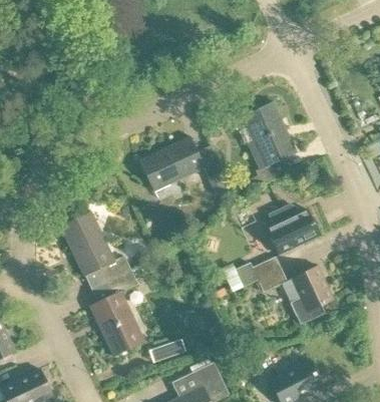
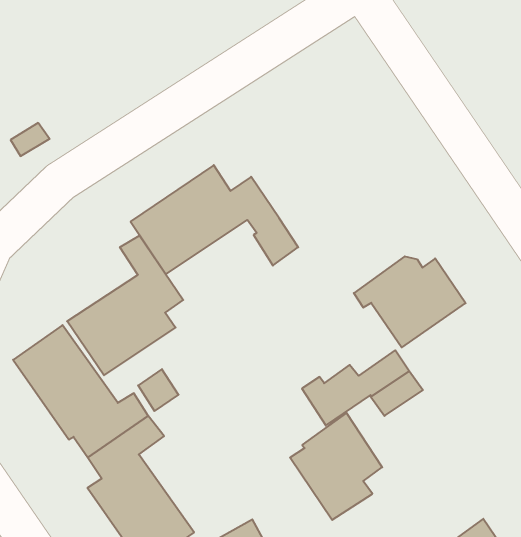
building: [242,102,297,188] -> none
building: none -> [67,235,183,375]
building: [283,266,334,325] -> [290,413,382,520]

